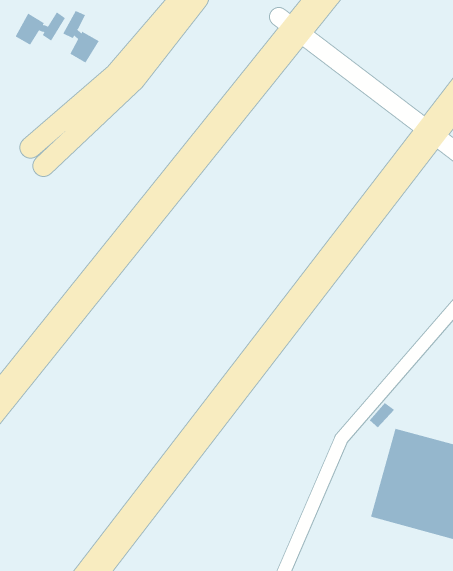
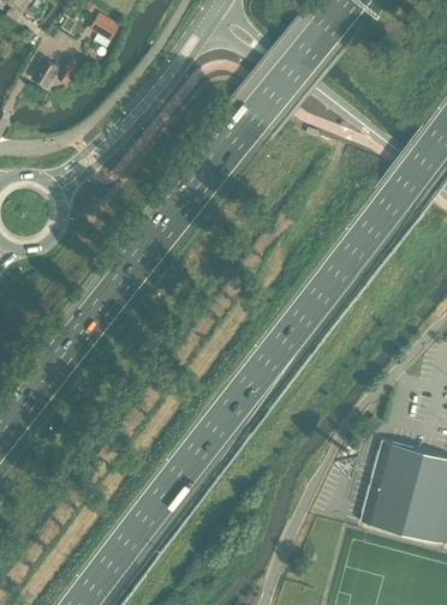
building: [62,10,99,63] -> none

